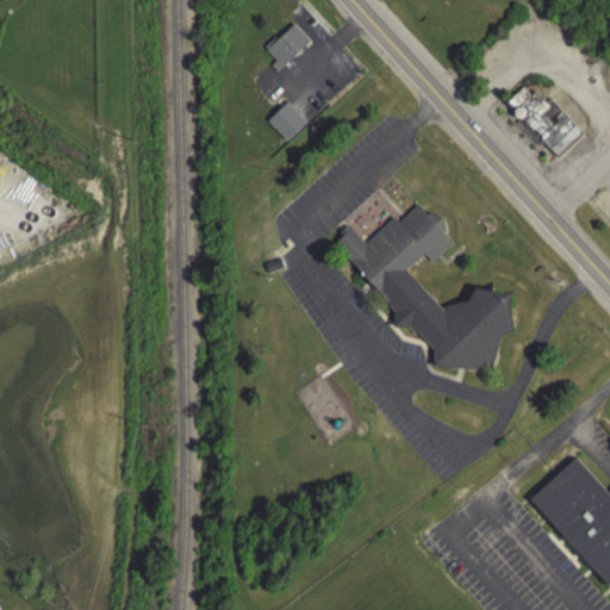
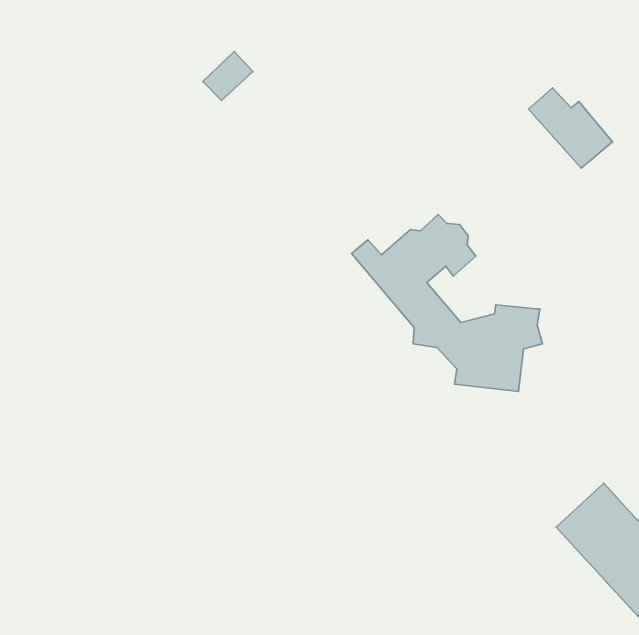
building: [263,21,311,68] -> [203,52,253,100]
building: [268,100,307,141] -> none

